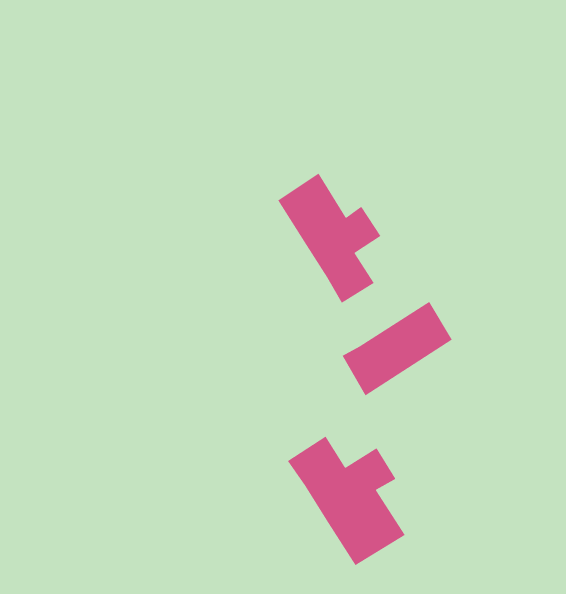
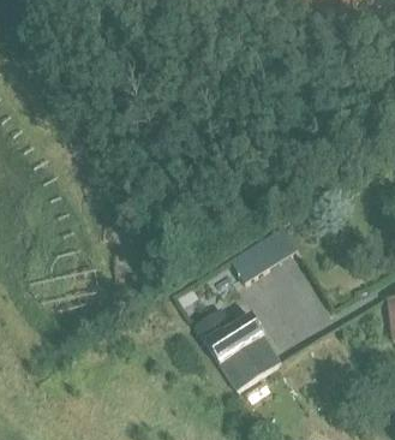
building: [277,173,381,304] -> none

